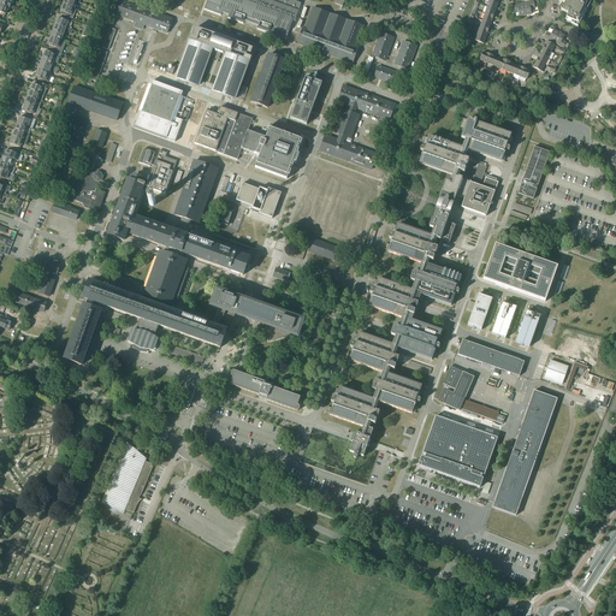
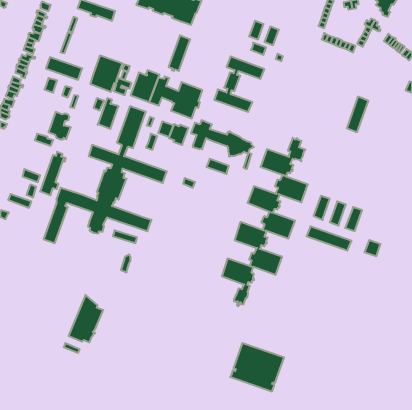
building: [297,6,363,61] -> none
building: [177,25,253,96] -> none
building: [290,71,322,123] -> none
building: [420,117,510,214] -> none
building: [108,173,147,238] -> [40,152,66,195]
building: [484,243,557,298] -> none
building: [212,285,306,339] -> [191,120,254,157]
building: [438,365,474,409] -> none
building: [230,368,301,409] -> none
building: [492,389,558,514] -> none
building: [417,414,498,486] -> [230,343,284,391]

